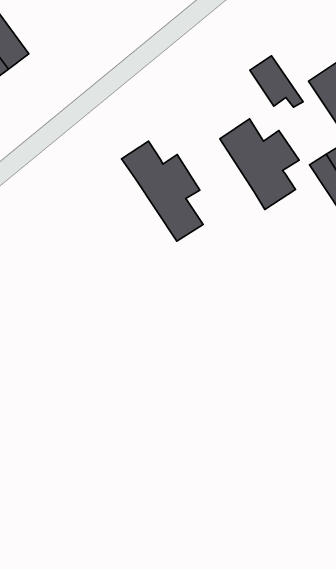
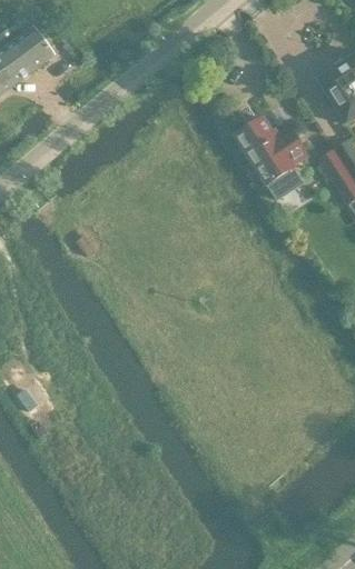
building: [250,56,303,107] -> none
building: [122,141,203,241] -> none

